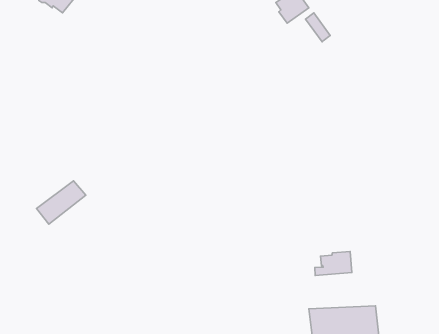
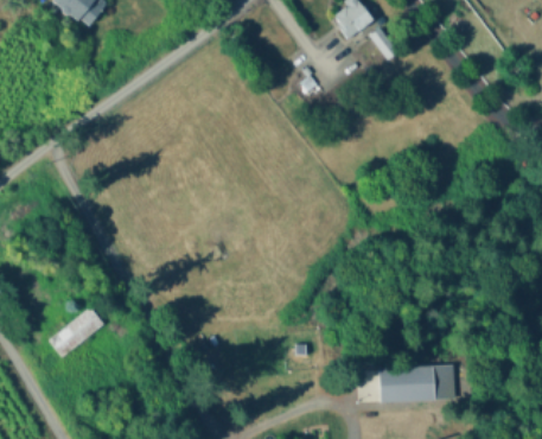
building: [36,181,86,224] -> [45,306,102,356]
building: [315,252,352,276] -> none

